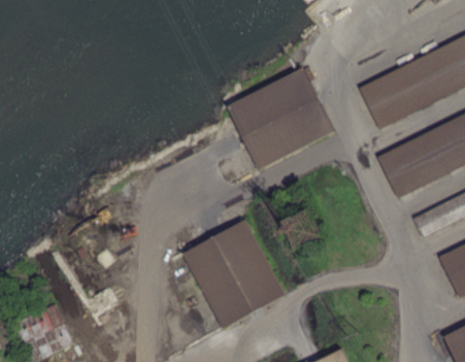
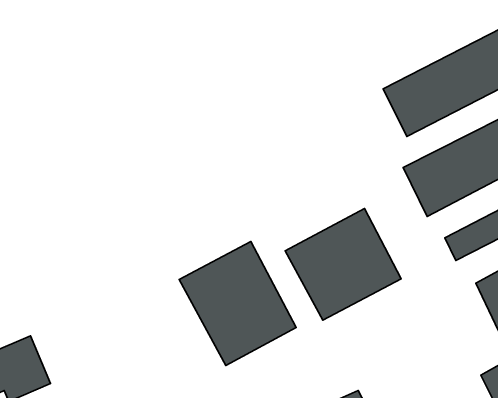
building: [227,67,335,169] -> none
building: none -> [285,208,401,320]

